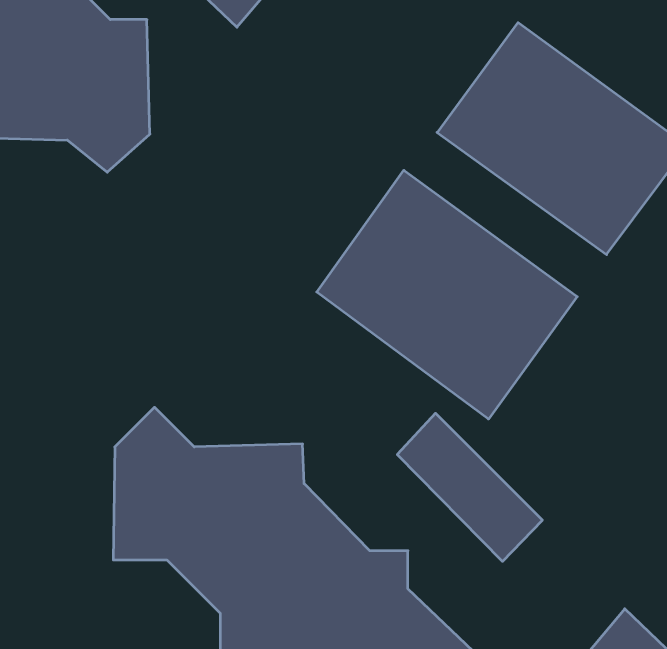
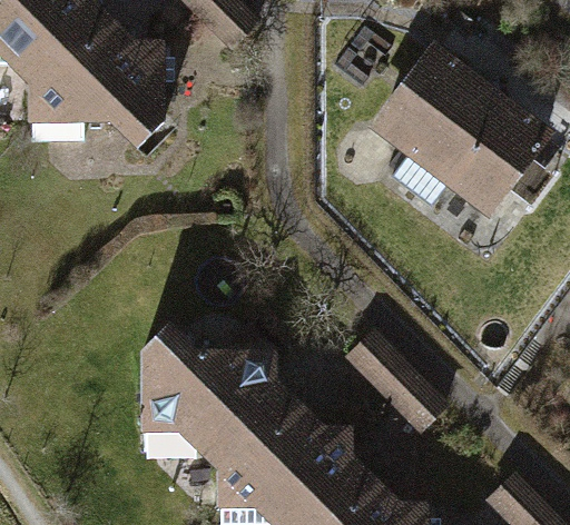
building: [317,170,577,419] -> none

